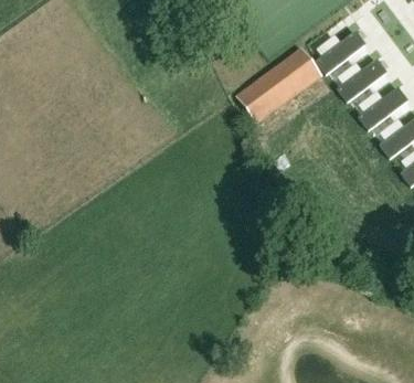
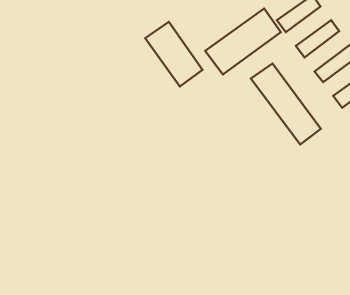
building: none -> [145,22,203,86]
building: none -> [251,63,321,144]

